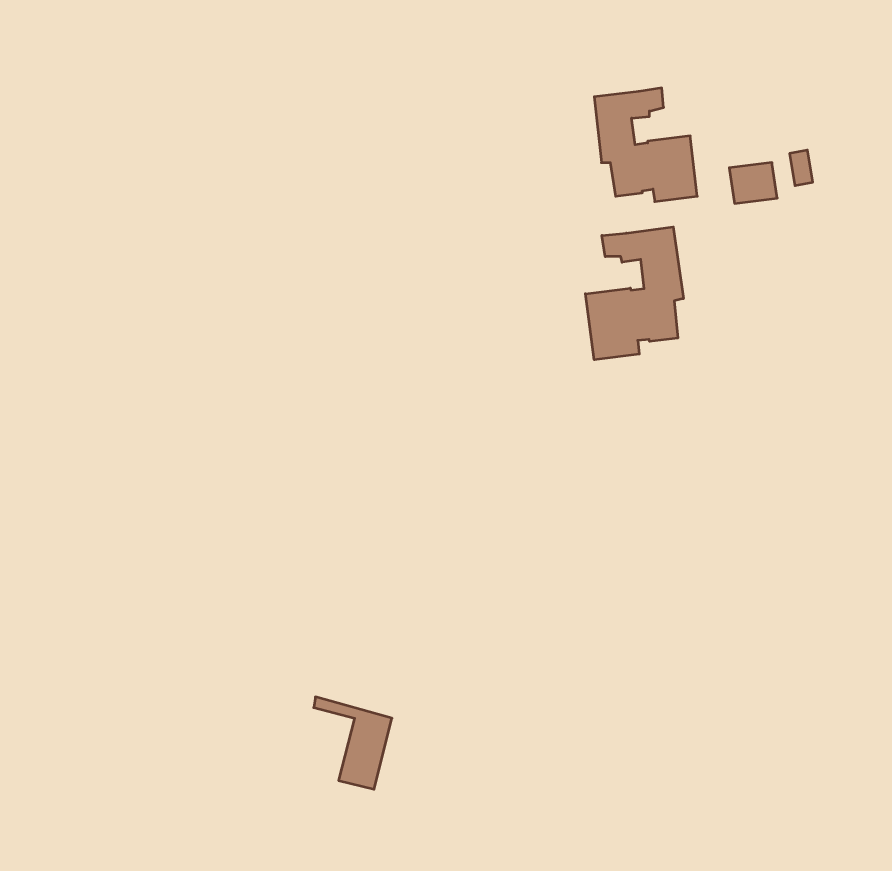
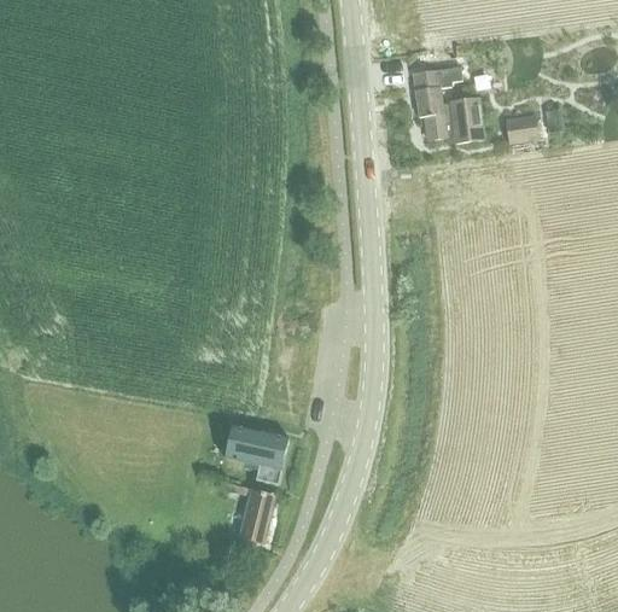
building: [585,227,683,360] -> none
building: none -> [225,424,288,483]

